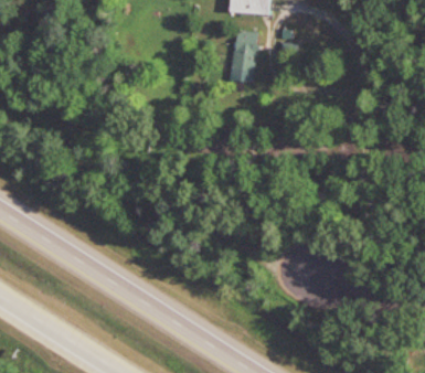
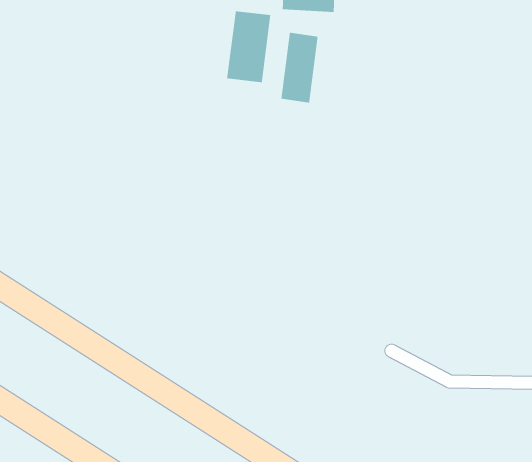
building: none -> [226,10,271,83]

